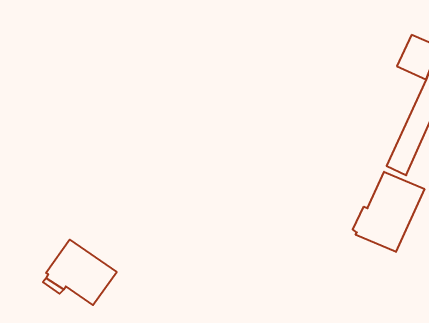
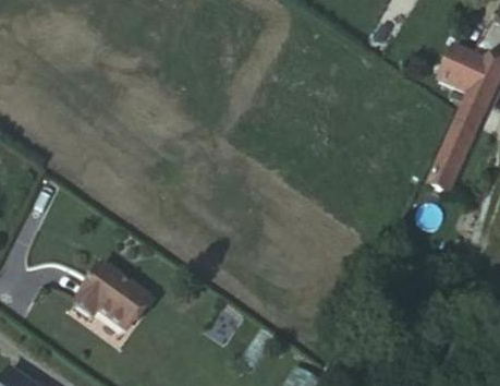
building: [353,172,424,252] -> none

